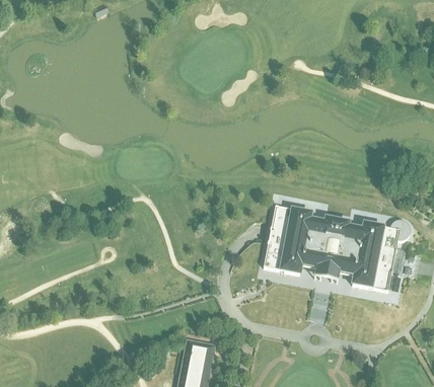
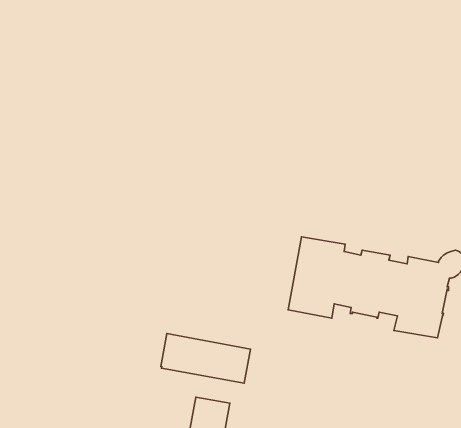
building: none -> [161,334,251,383]

